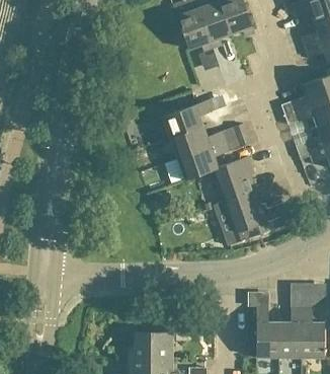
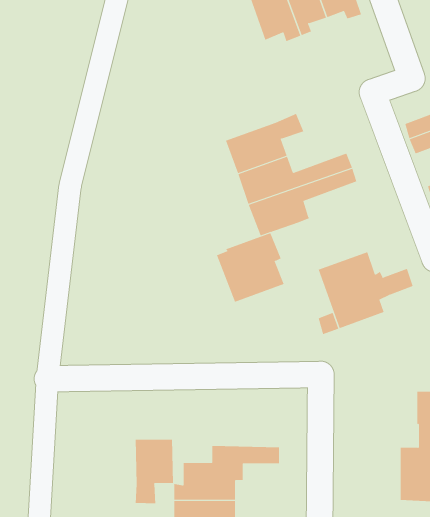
building: [213,156,258,203] -> [216,233,284,302]
building: [257,306,279,357] -> none
building: none -> [135,439,174,504]

